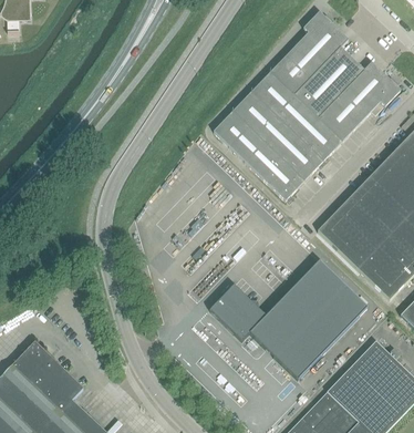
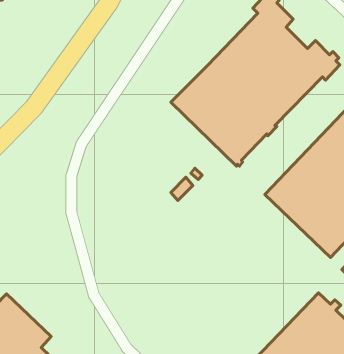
building: [209,260,366,379] -> none

